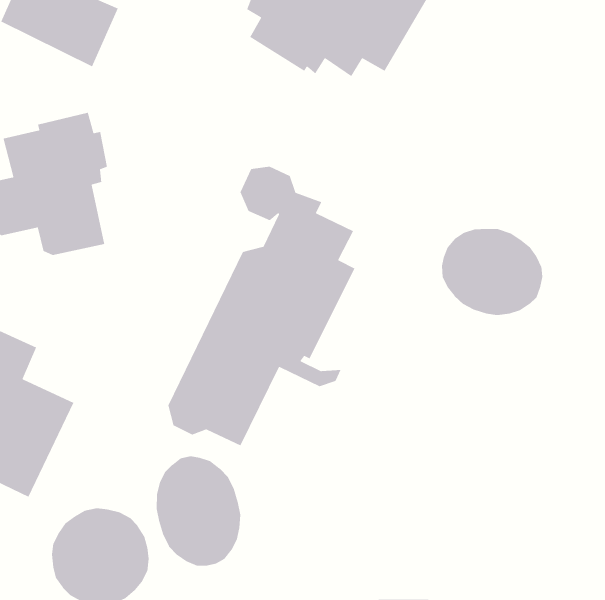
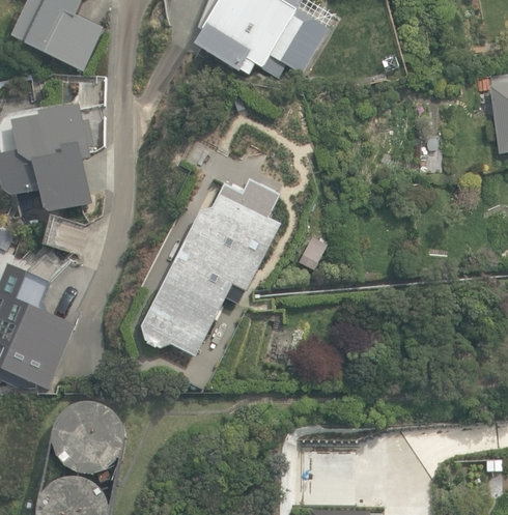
building: [441,228,543,316] -> none
building: [156,456,241,567] -> none

